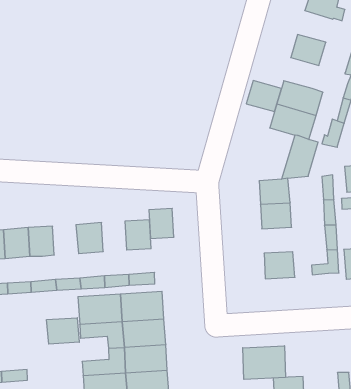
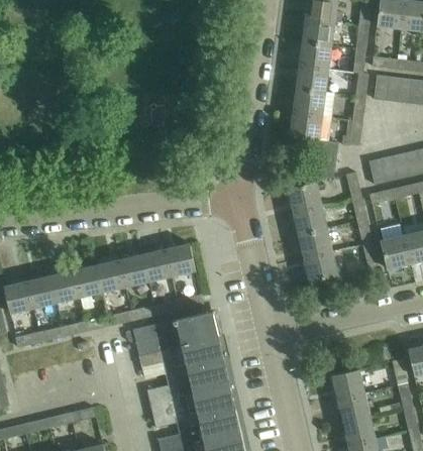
building: none -> [302,19,333,46]
building: [246,81,281,111] -> [296,67,327,93]
building: [149,208,174,238] -> [143,249,172,281]
building: none -> [97,260,126,293]
building: none -> [298,229,331,258]
building: [47,318,79,344] -> none
building: [243,346,285,379] -> none

